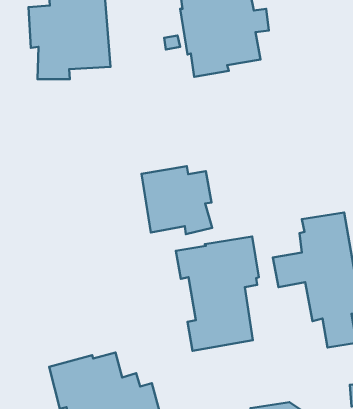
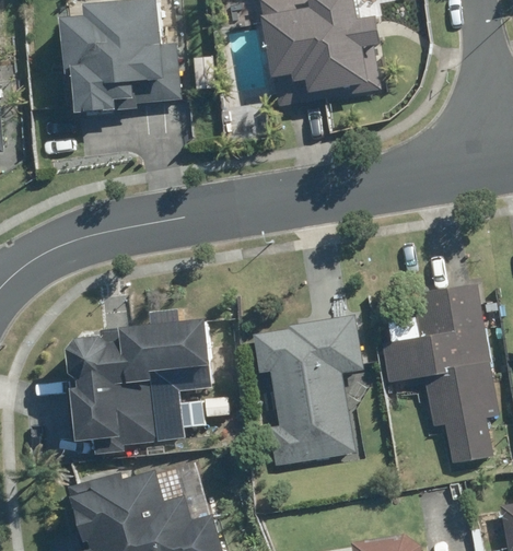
building: [141,166,212,234] -> none
building: none -> [88,321,234,453]

